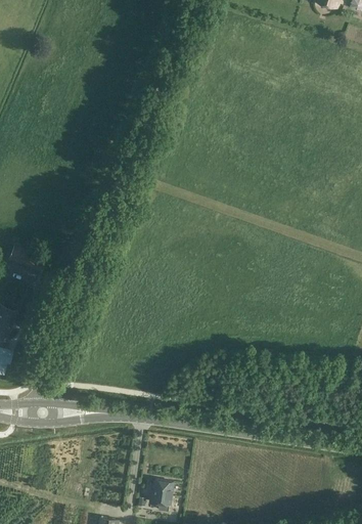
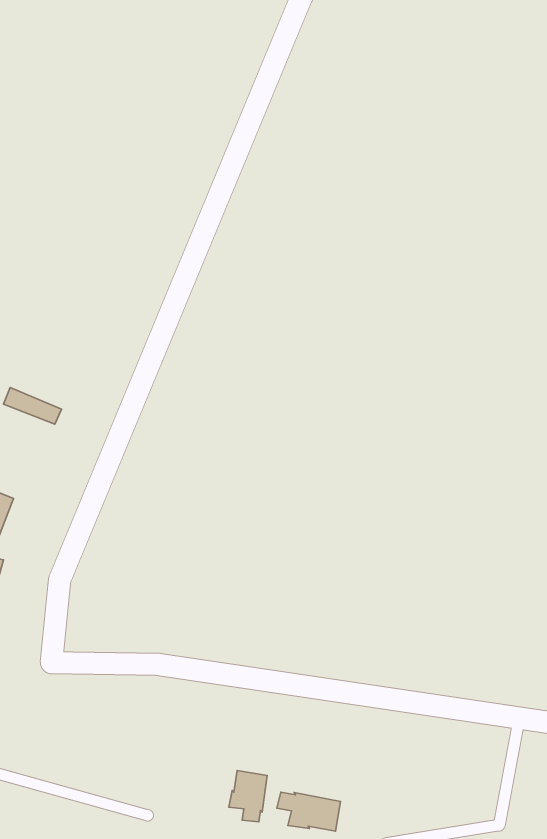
building: none -> [277,792,340,831]

